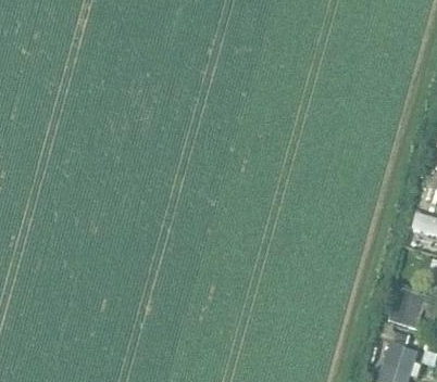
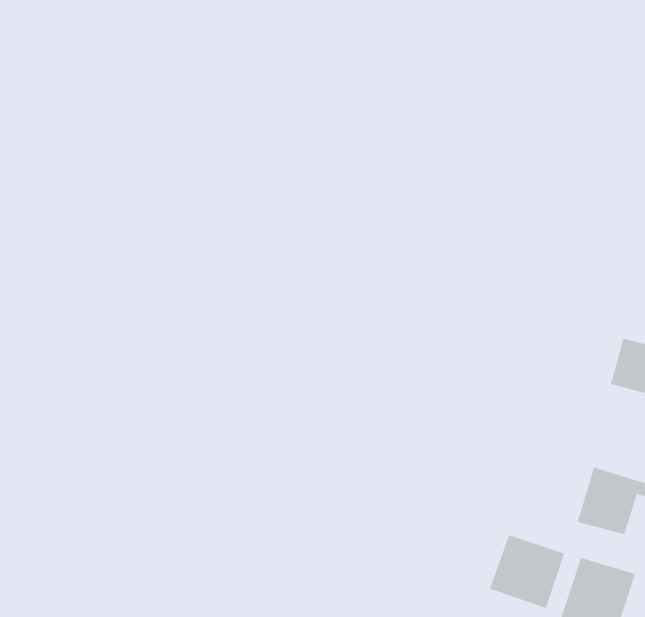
building: none -> [489,535,565,609]

